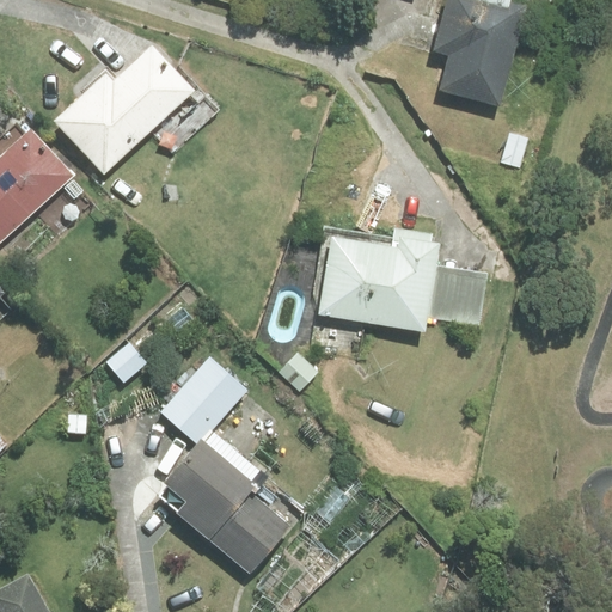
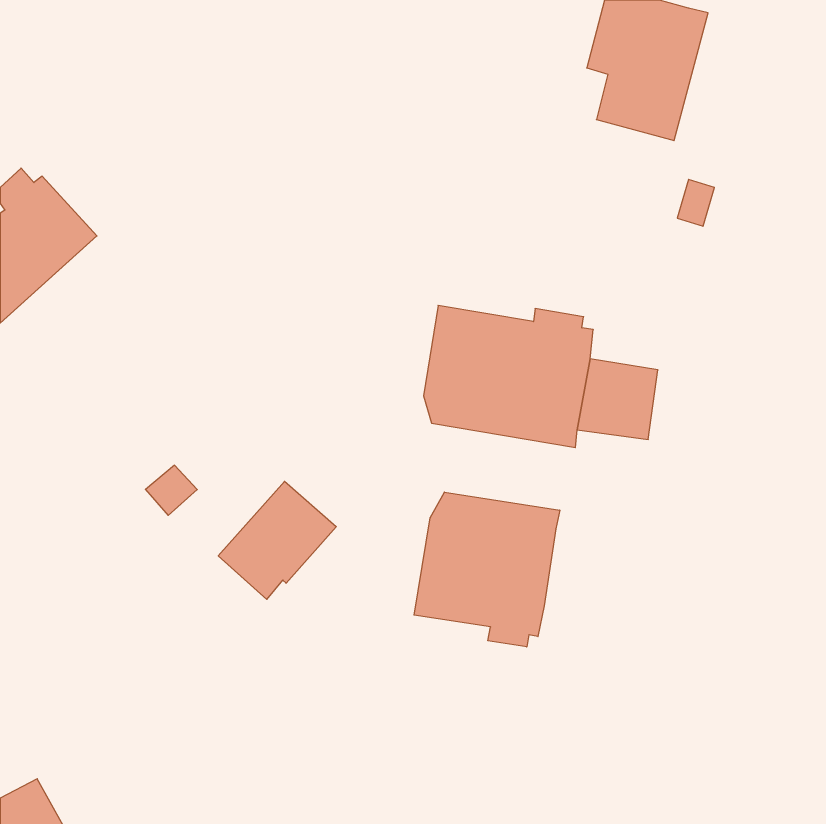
building: [56,49,191,172] -> none
building: none -> [414,492,560,647]
building: [159,430,290,574] -> none

